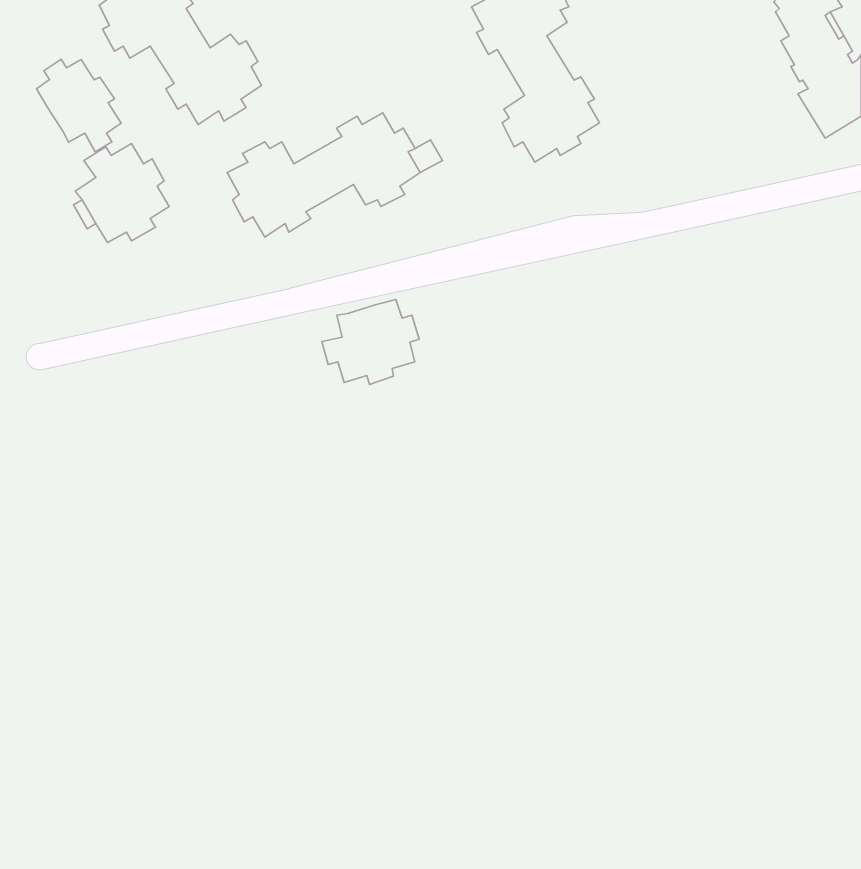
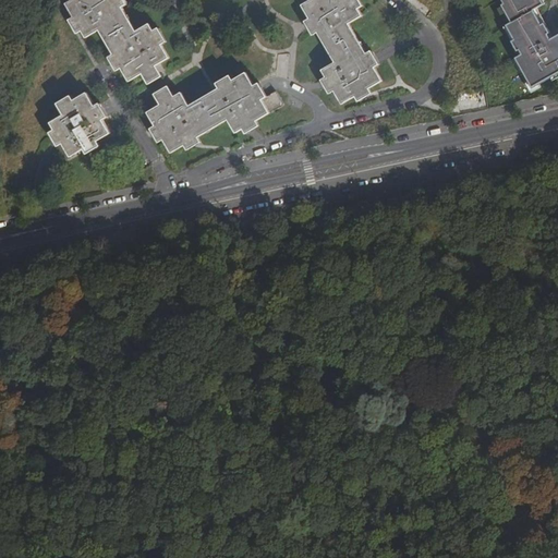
building: [36,59,121,152] -> none
building: [322,300,419,384] -> none

